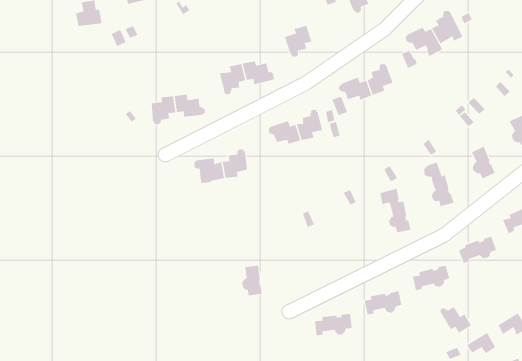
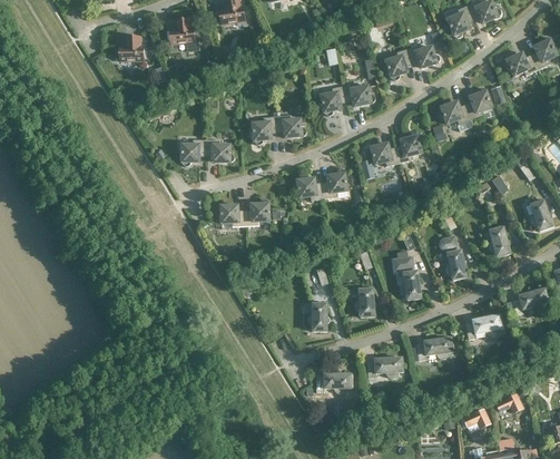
building: none -> [343,82,374,105]
building: none -> [354,286,374,316]
building: [241,265,262,296] -> [306,301,326,330]
building: [440,306,472,334] -> none

